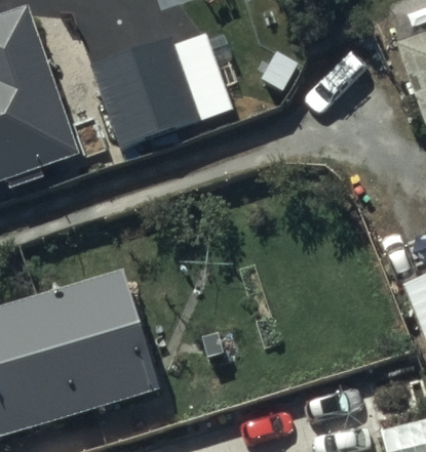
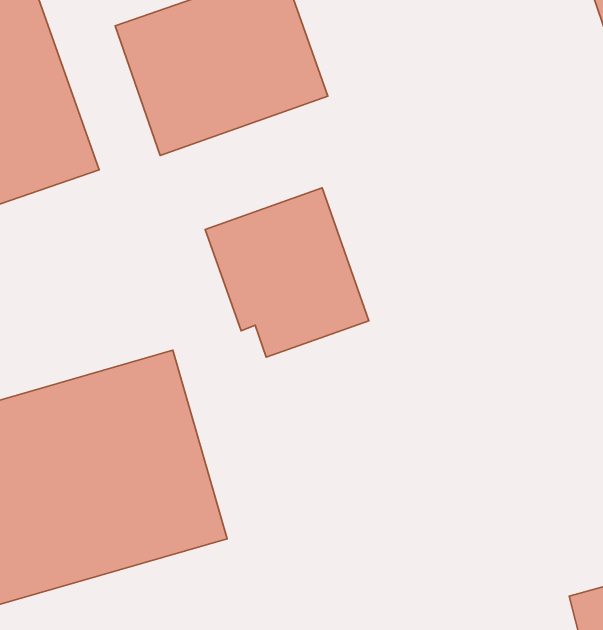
building: none -> [205,188,369,357]

